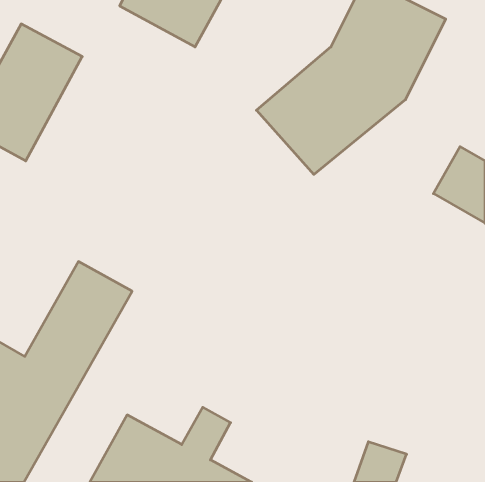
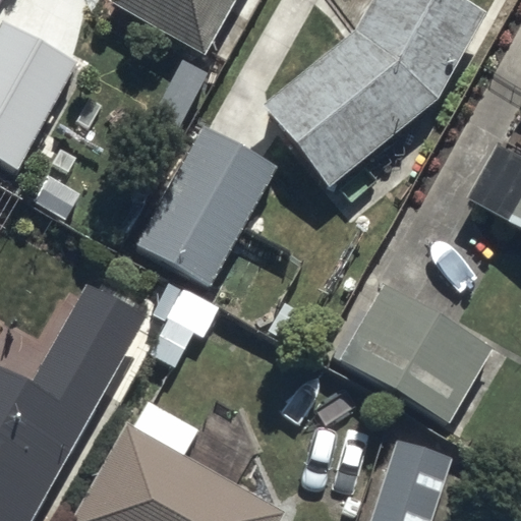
building: none -> [149,132,273,278]
building: none -> [344,290,486,418]

